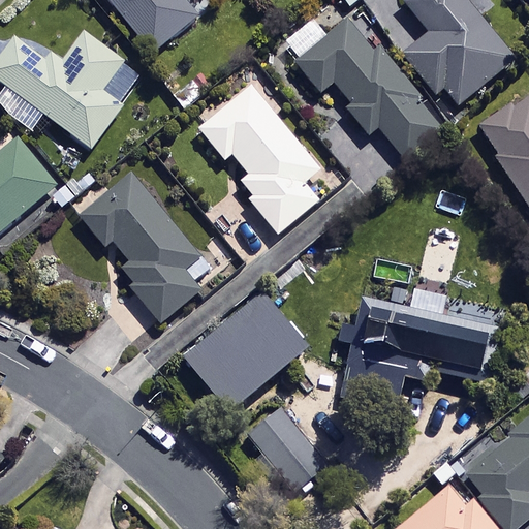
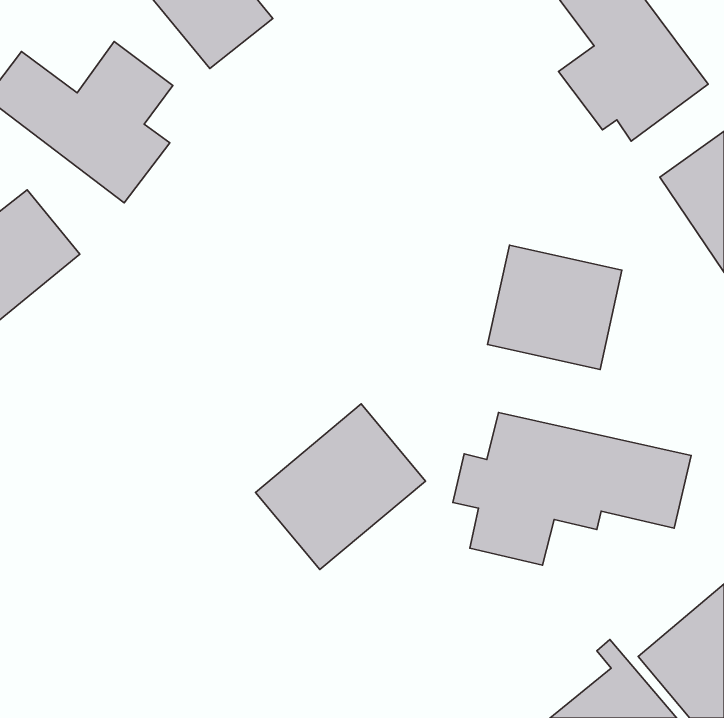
building: [297,20,444,159] -> none
building: [199,86,318,232] -> none
building: [70,173,201,322] -> none
building: none -> [488,245,622,369]
building: [248,407,326,492] -> none

